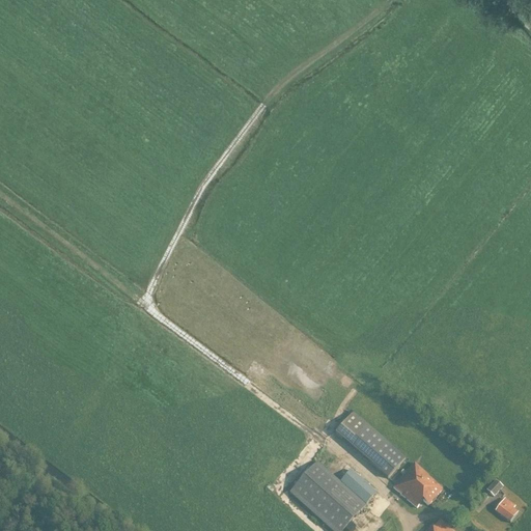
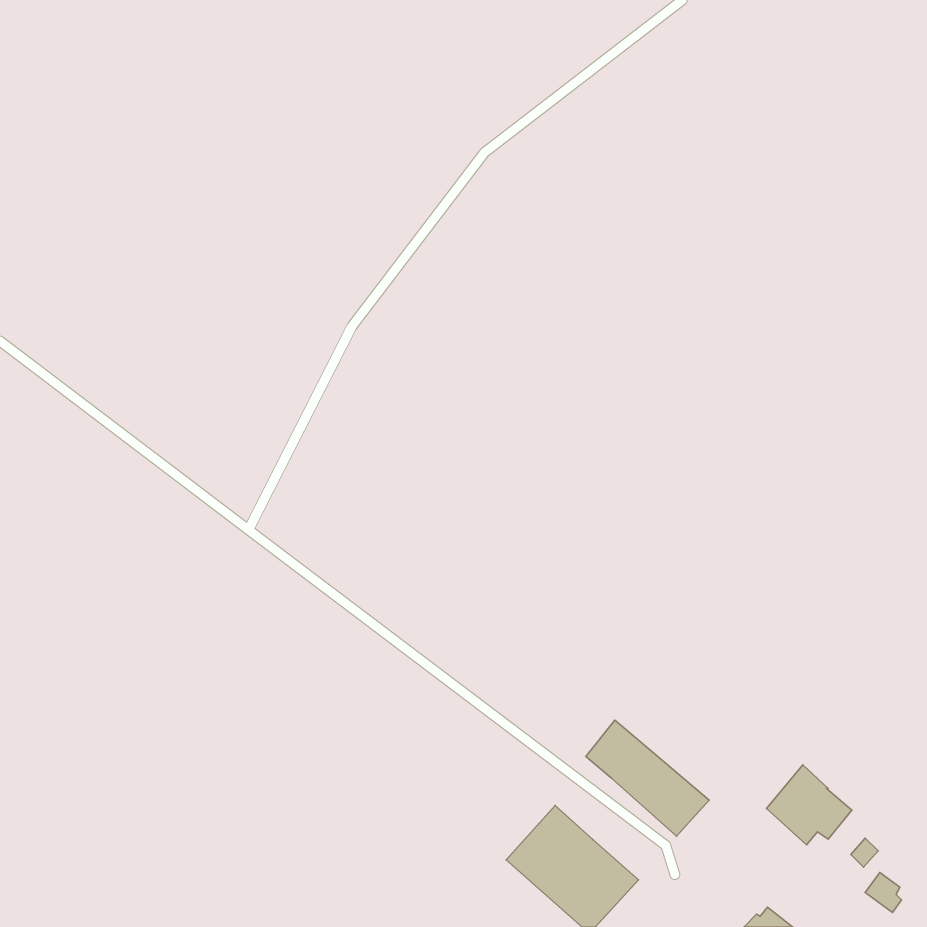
building: [393,462,442,507] -> [767,765,852,845]
building: [339,469,375,503] -> none

